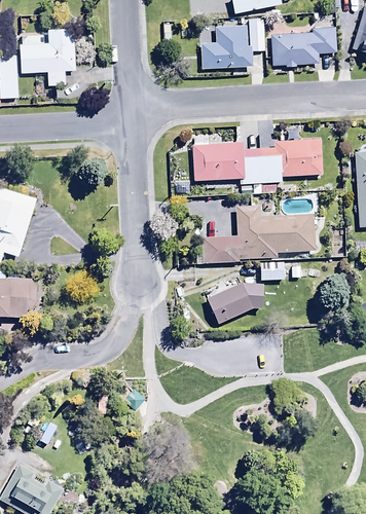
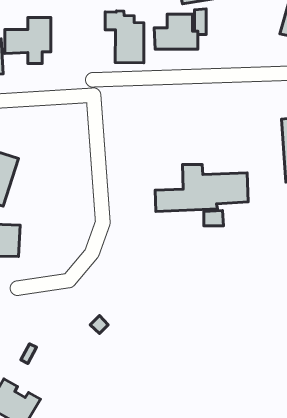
building: none -> [105,11,144,63]
building: [270,27,336,67] -> none
building: [192,139,322,183] -> none
building: [207,282,265,326] -> none

